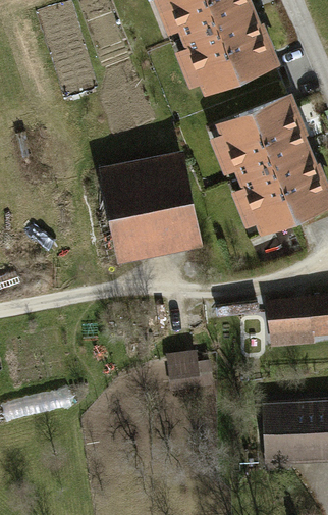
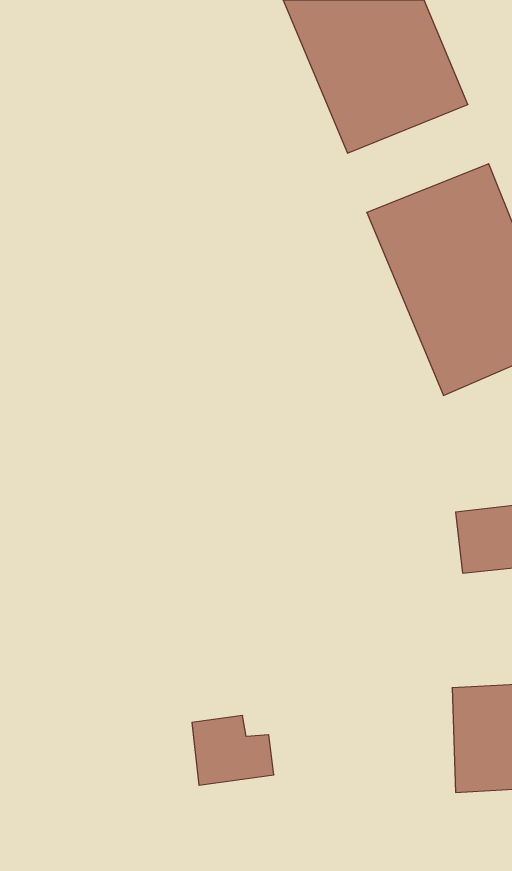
building: [100,156,199,259] -> none
building: [166,351,214,392] -> [192,716,274,785]

